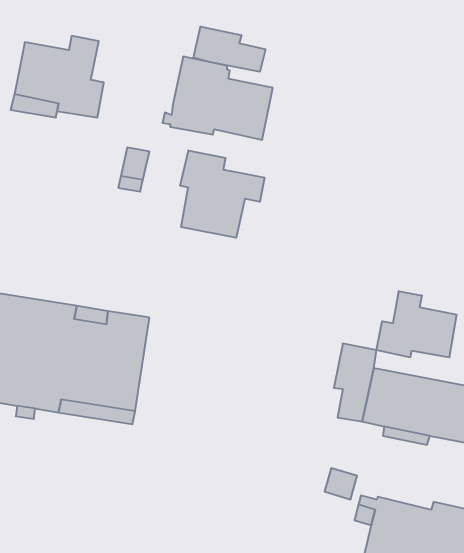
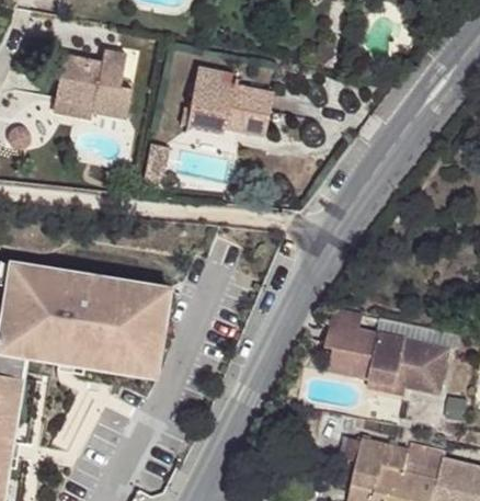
building: [194,27,266,72] -> none
building: [180,150,265,238] -> none
building: [377,291,457,357] -> none

